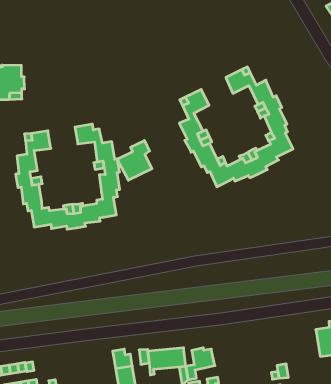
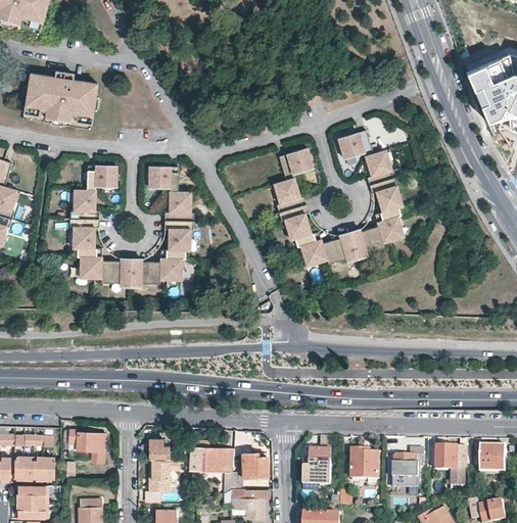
building: [117,140,152,180] -> none
building: none -> [351,448,381,479]
building: none -> [304,449,332,486]
building: none -> [63,431,106,464]

